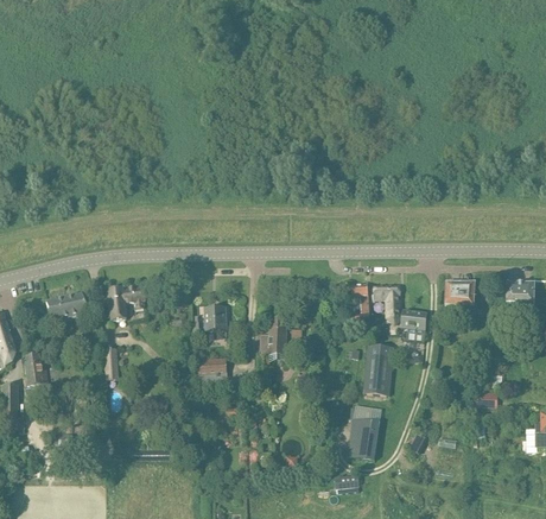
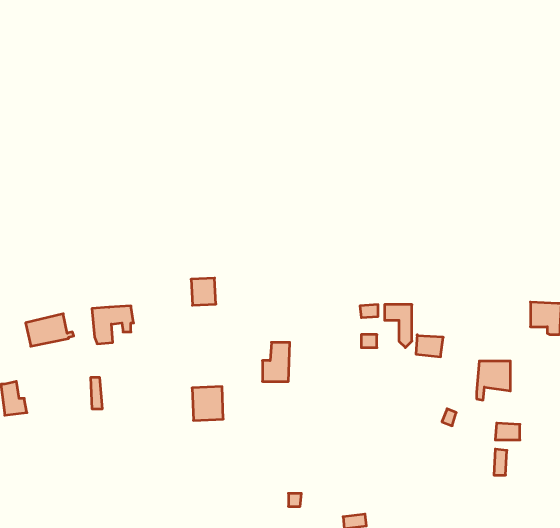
building: [443,280,474,316] -> [477,361,510,400]
building: [203,305,226,330] -> [191,278,216,305]
building: [362,344,393,394] -> none
building: [347,417,379,460] -> none

